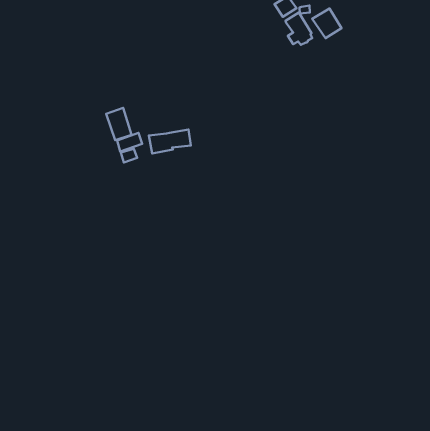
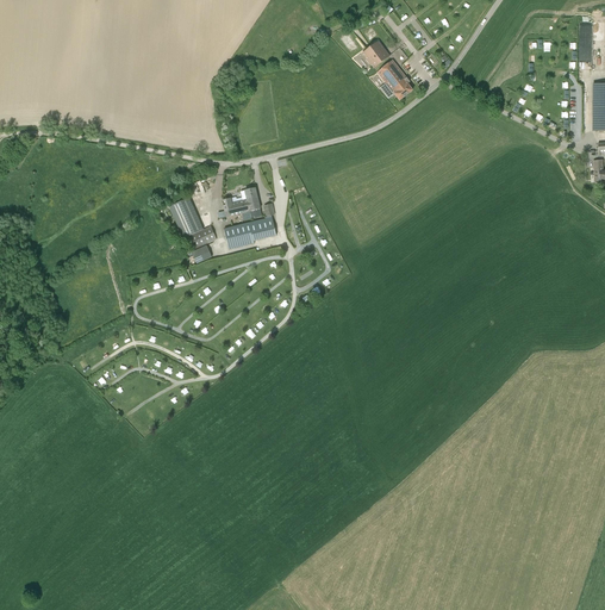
building: [312,8,341,38] -> none
building: none -> [222,187,262,217]

